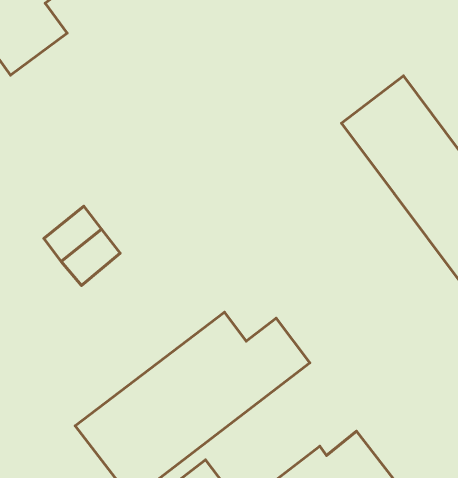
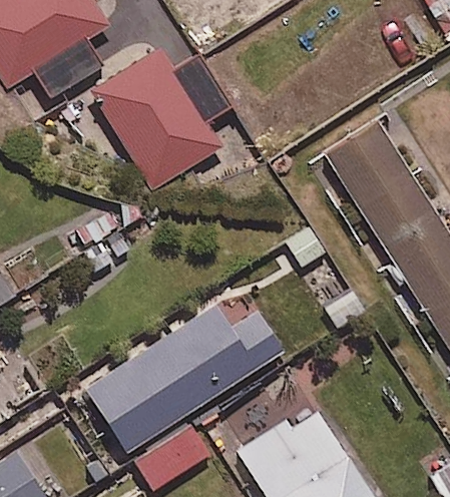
building: none -> [93,48,231,188]

